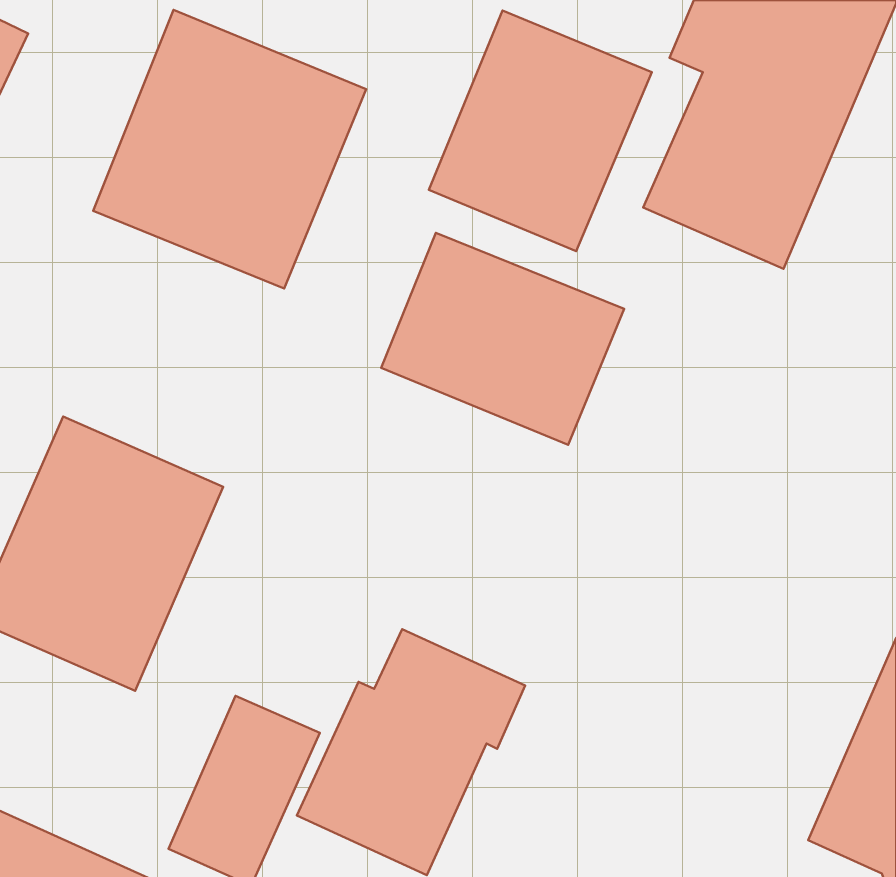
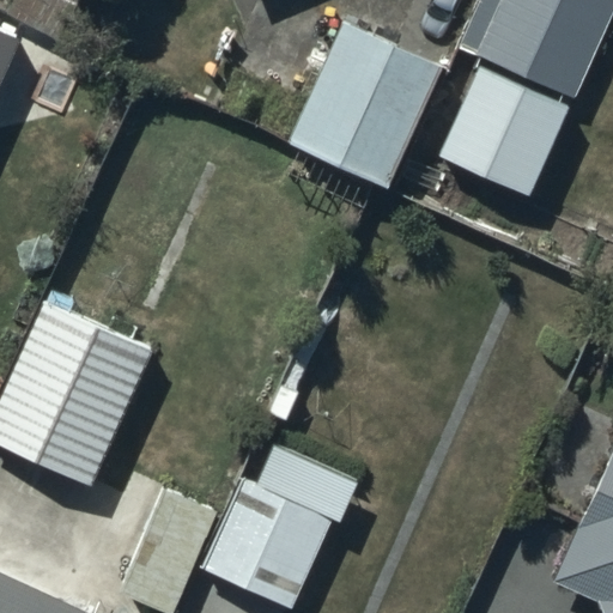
building: [93,10,366,289] -> none
building: [381,233,624,445] -> none

